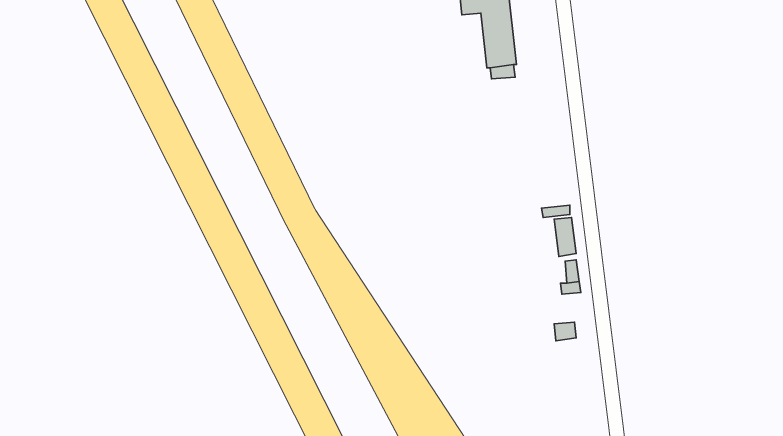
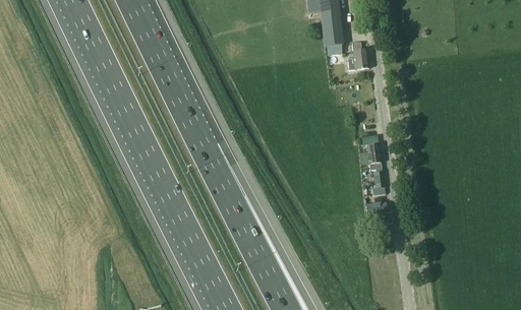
building: none -> [347,42,368,68]

